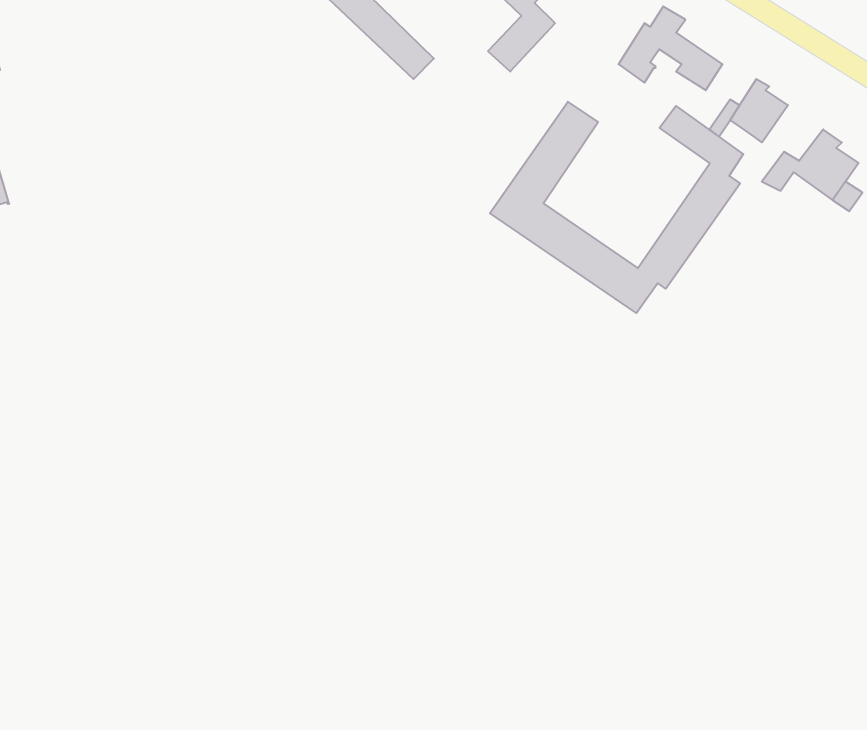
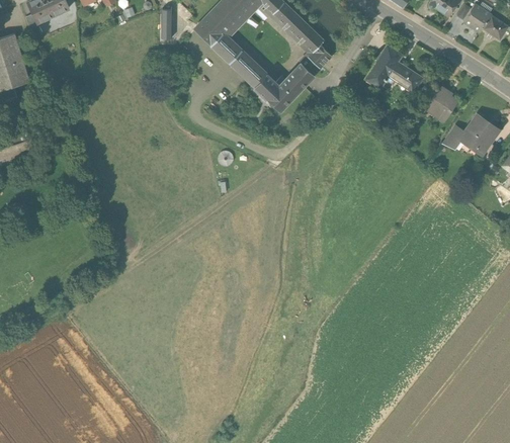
building: none -> [254,71,307,110]
building: [490,102,743,313] -> none

